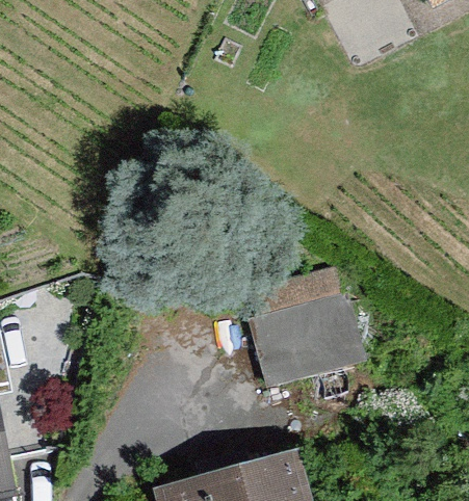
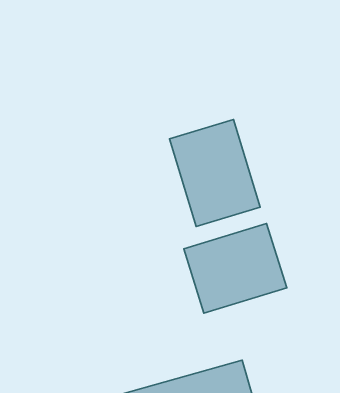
building: none -> [169,120,260,226]

